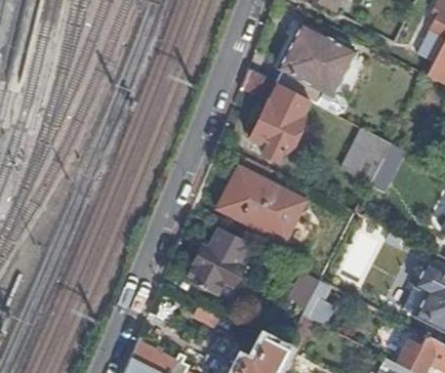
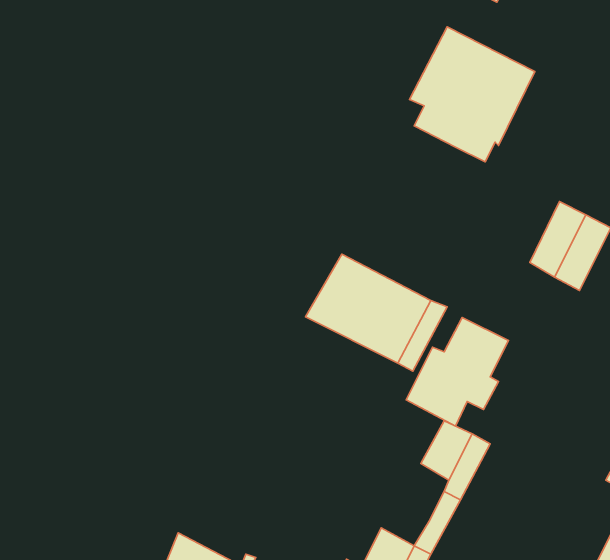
building: [240,69,310,161] -> none
building: [184,227,247,295] -> [406,317,508,426]

